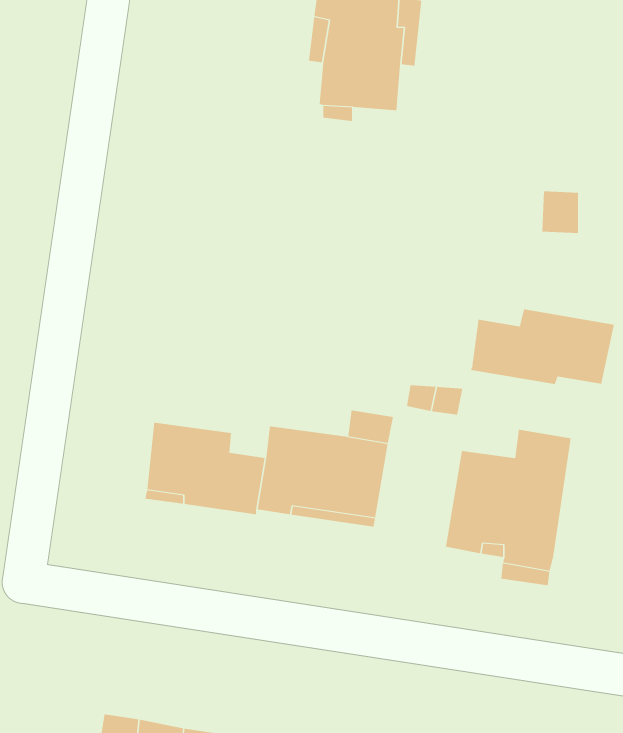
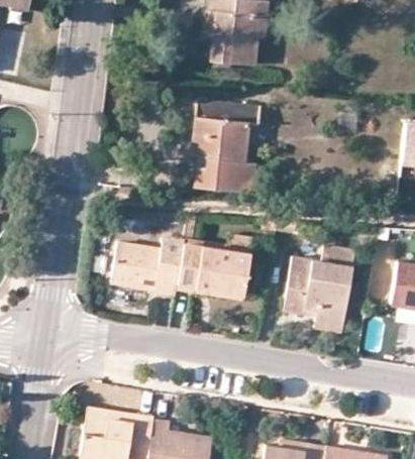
building: none -> [192,102,261,194]
building: [470,308,615,385] -> none

